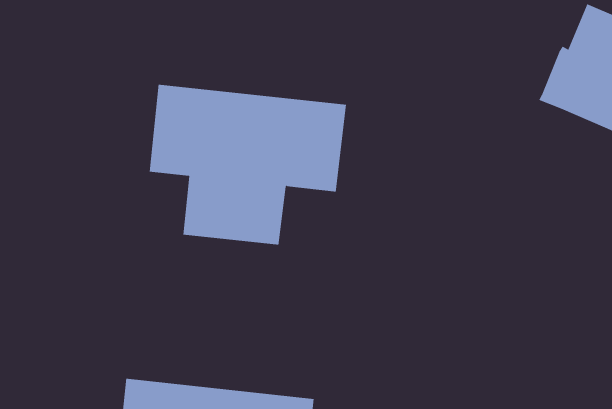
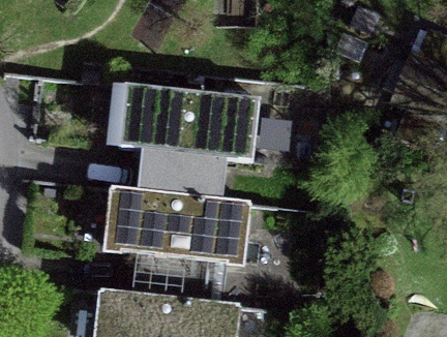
building: none -> [106,186,248,262]

